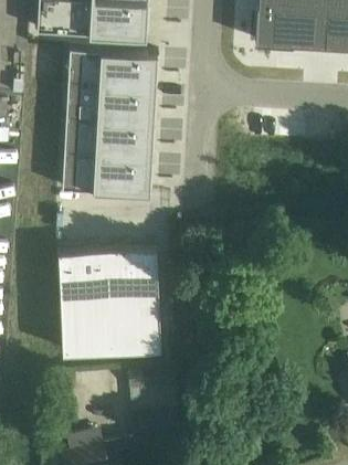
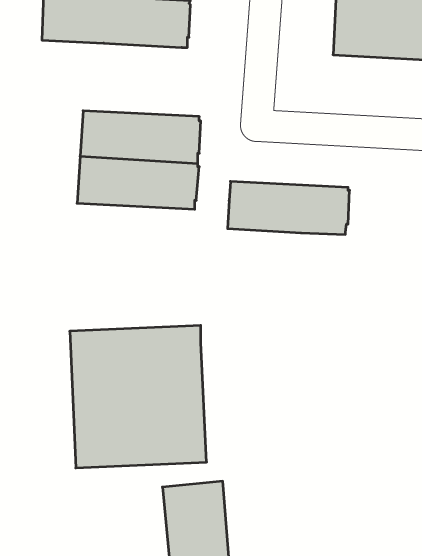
building: [67,51,158,92] -> none
building: [61,157,152,197] -> [228,181,350,234]

